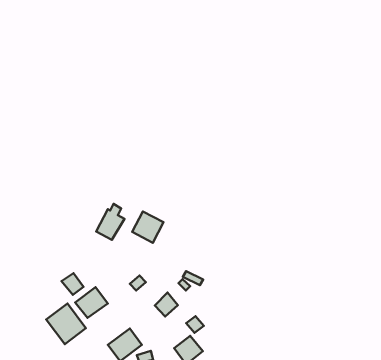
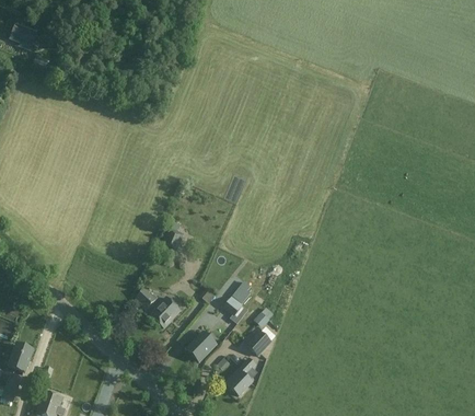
building: [132,211,164,243] -> none
building: [46,304,86,344] -> none

